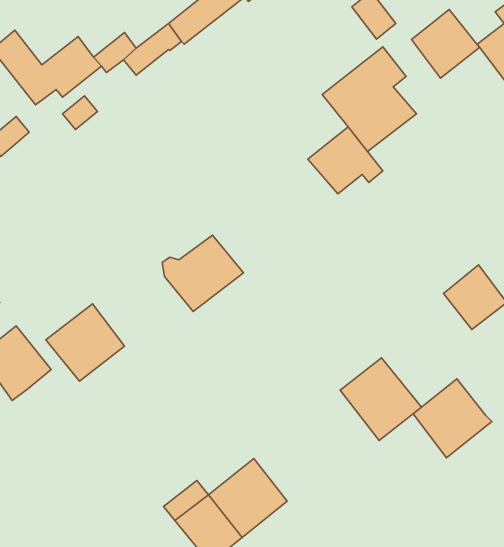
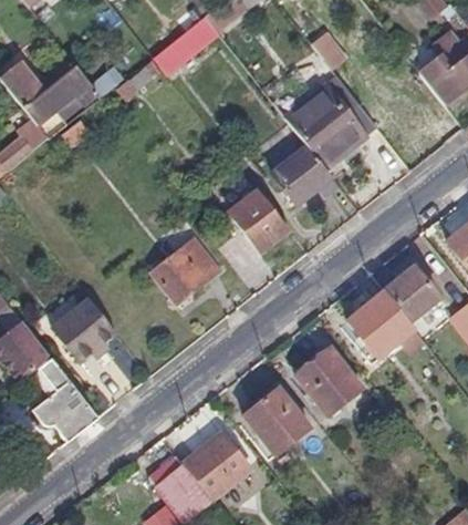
building: [411,10,480,78] -> none
building: none -> [222,189,287,257]
building: none -> [24,356,98,441]
building: [413,379,492,458] -> [349,290,416,358]
building: none -> [245,388,313,457]

